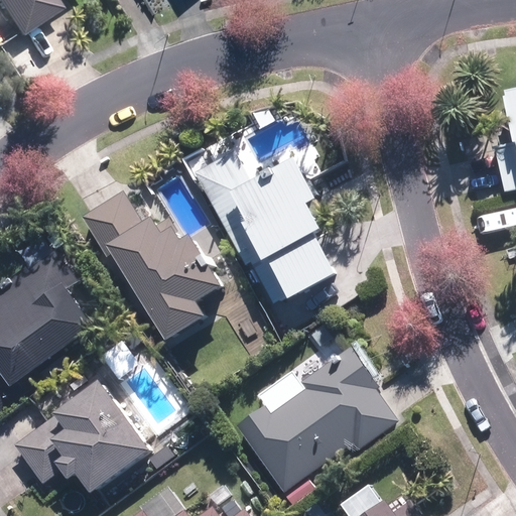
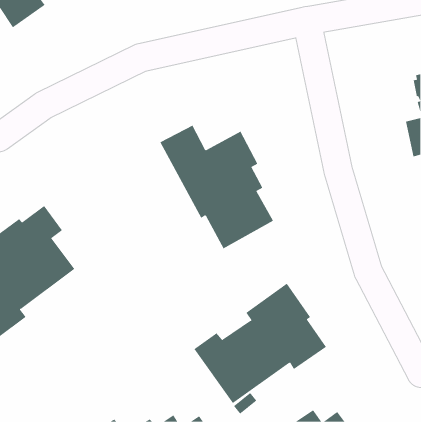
building: [81,191,223,343] -> none
building: [11,380,149,494] -> none

